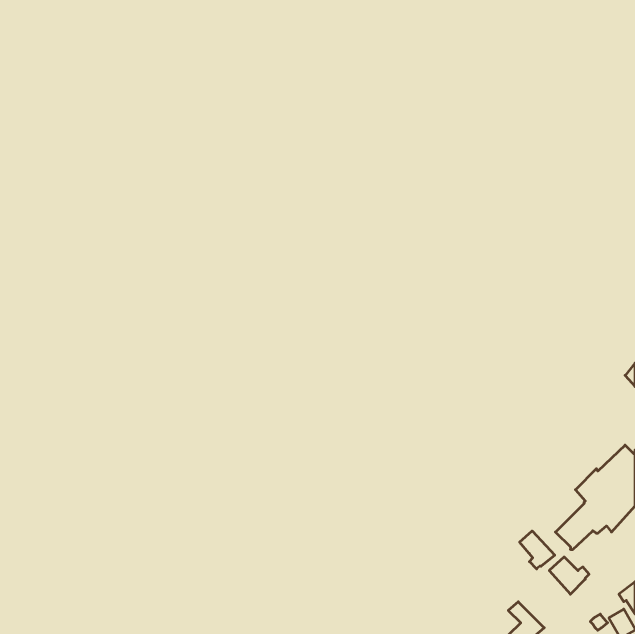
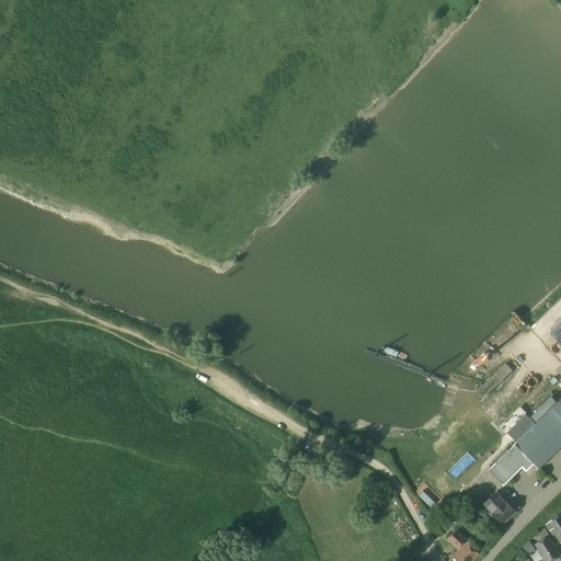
building: [520,531,555,569] -> none

